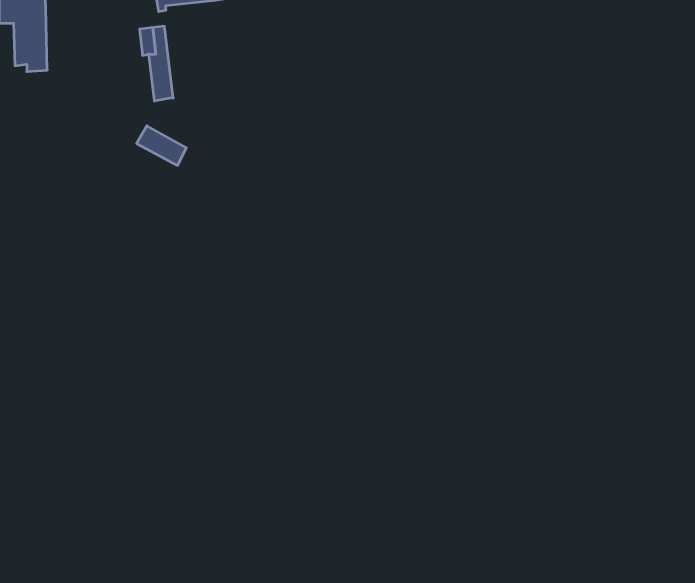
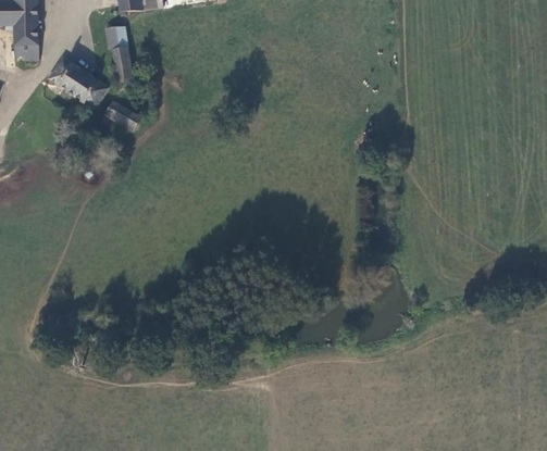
building: none -> [49,58,108,108]

